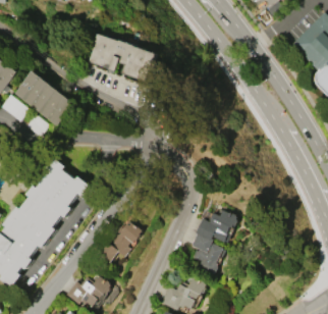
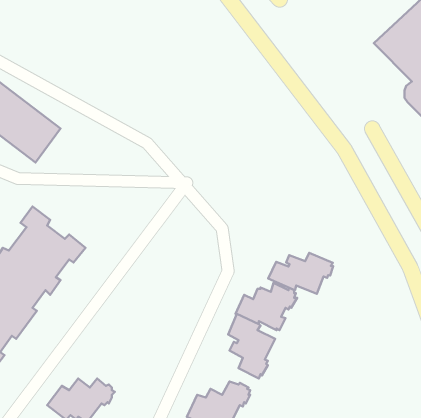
building: [89,34,156,82] -> none
building: none -> [268,253,333,294]
building: [99,220,144,262] -> none

